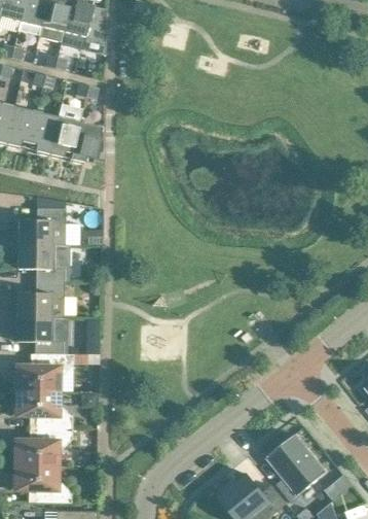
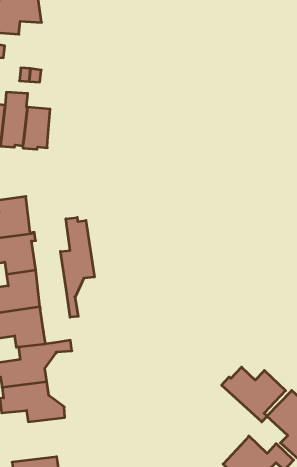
building: none -> [60,217,94,317]
building: none -> [222,367,286,422]
building: [10,426,71,464] -> none

